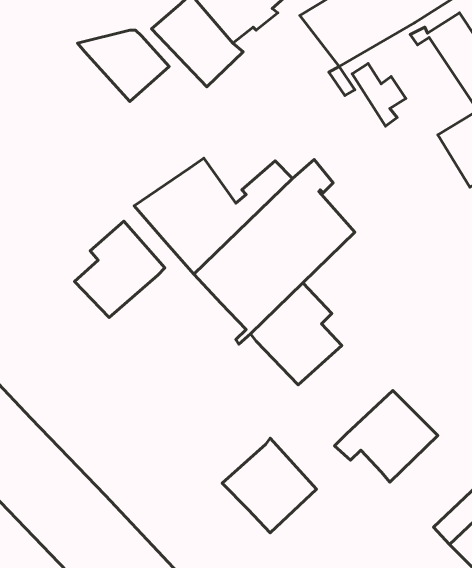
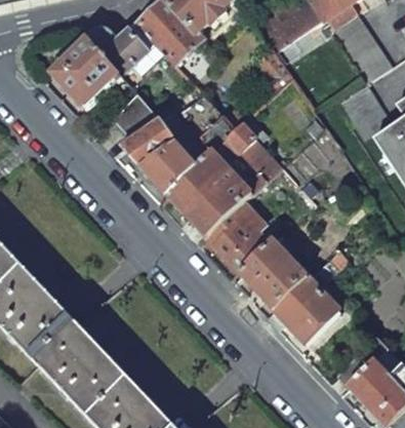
building: none -> [53,40,125,108]
building: none -> [115,94,165,142]
building: [75,221,165,318] -> none
building: [222,438,317,533] -> [242,243,309,310]

